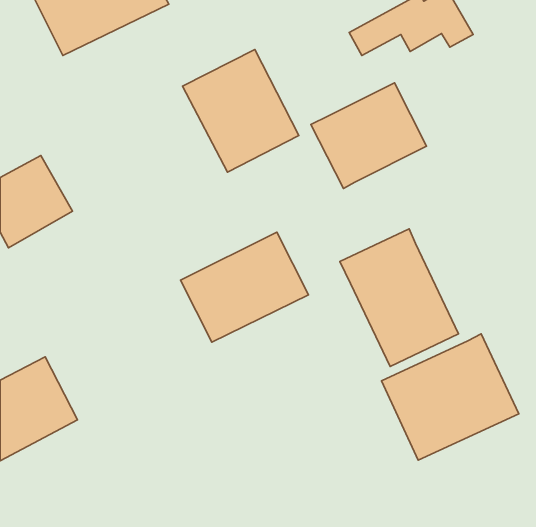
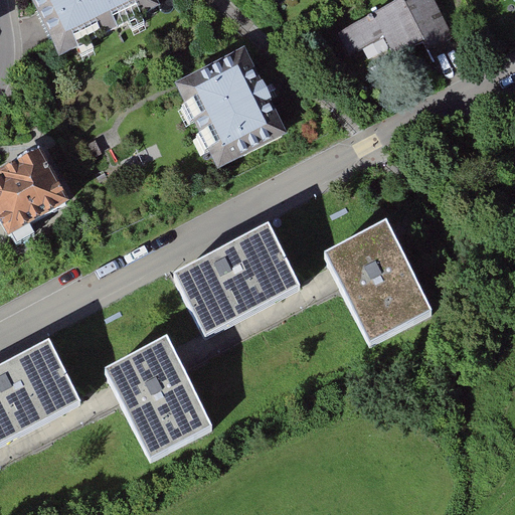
building: [311,83,426,188] -> none
building: [381,334,519,460] -> none
building: none -> [100,333,213,461]

